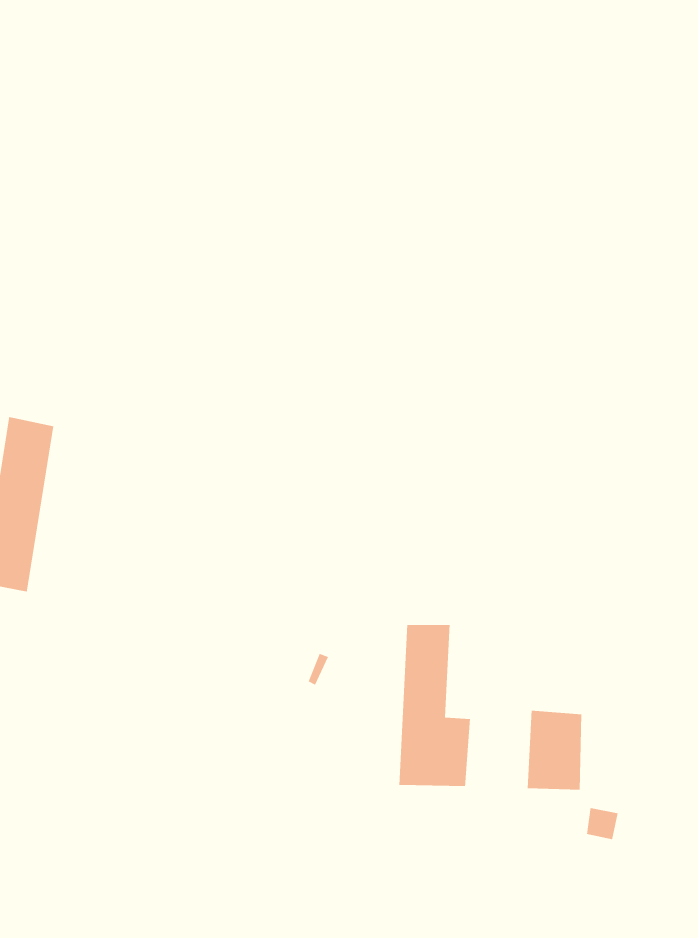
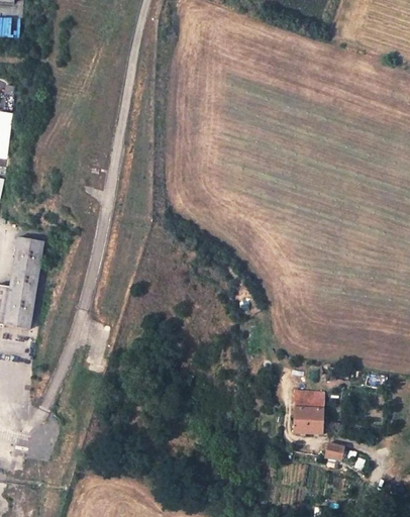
building: [399,624,471,787] -> none

